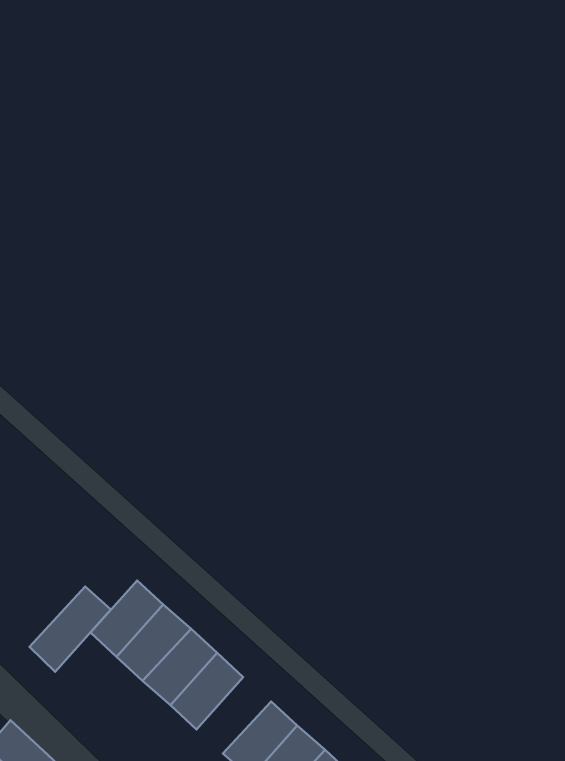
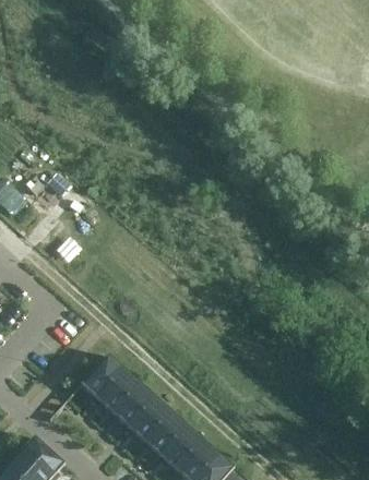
building: [29,586,111,672] -> none
building: none -> [142,409,186,454]

